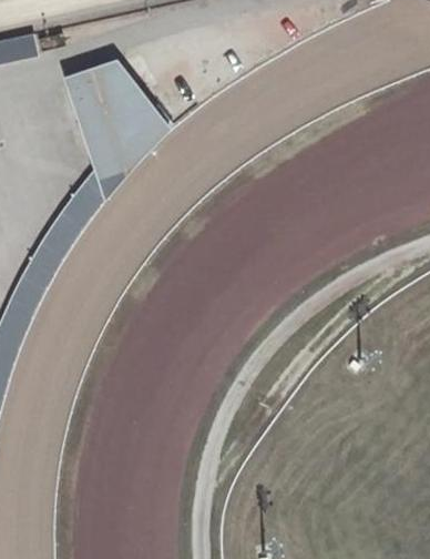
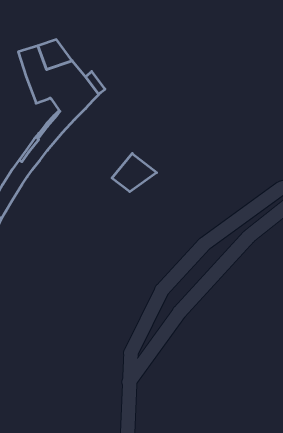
building: none -> [112,153,157,192]

